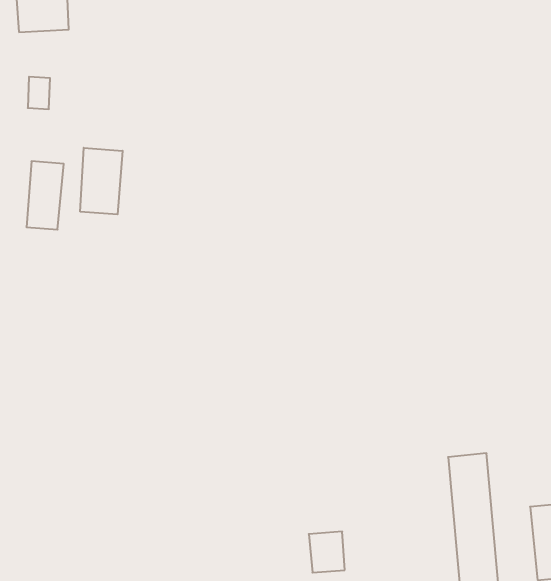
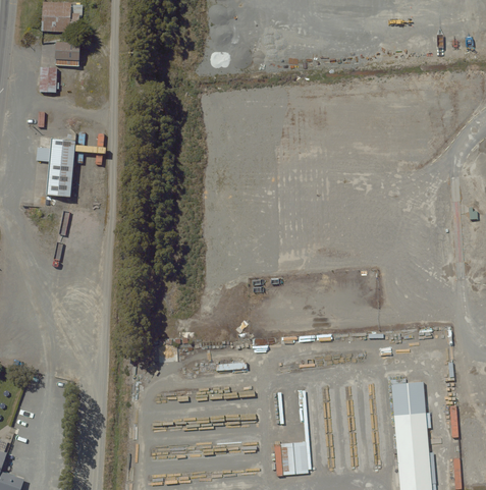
building: none -> [54,42,77,62]
building: [80,148,123,214] -> none

